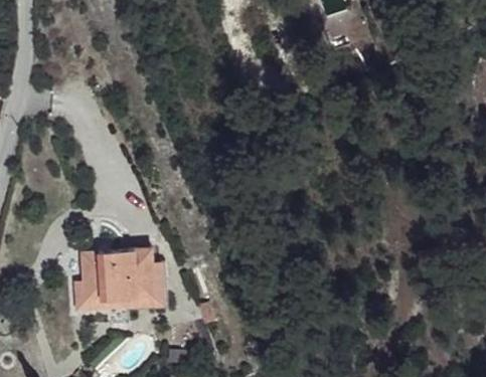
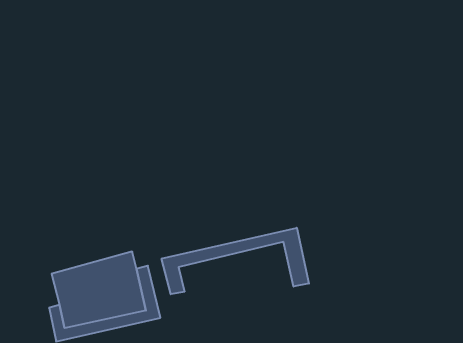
building: none -> [162,228,309,294]

